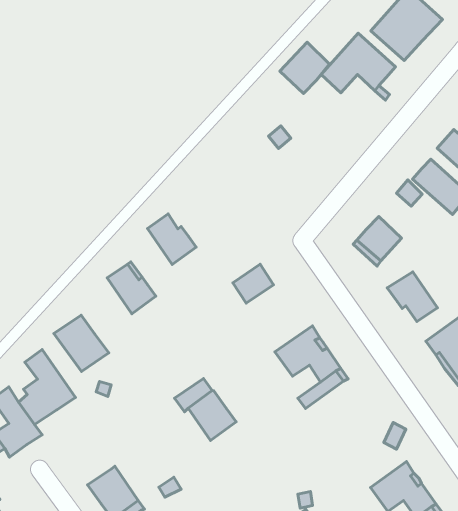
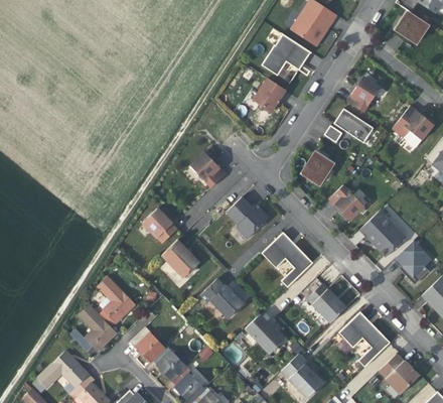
building: [280,42,330,93] -> [254,78,286,112]
building: [147,214,196,265] -> [191,154,226,187]
building: none -> [238,207,269,239]
building: [54,315,109,371] -> [162,240,200,277]
building: none -> [307,283,346,322]
building: none -> [130,326,166,362]
building: none -> [246,314,285,354]

